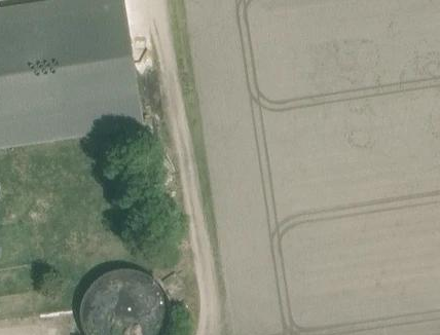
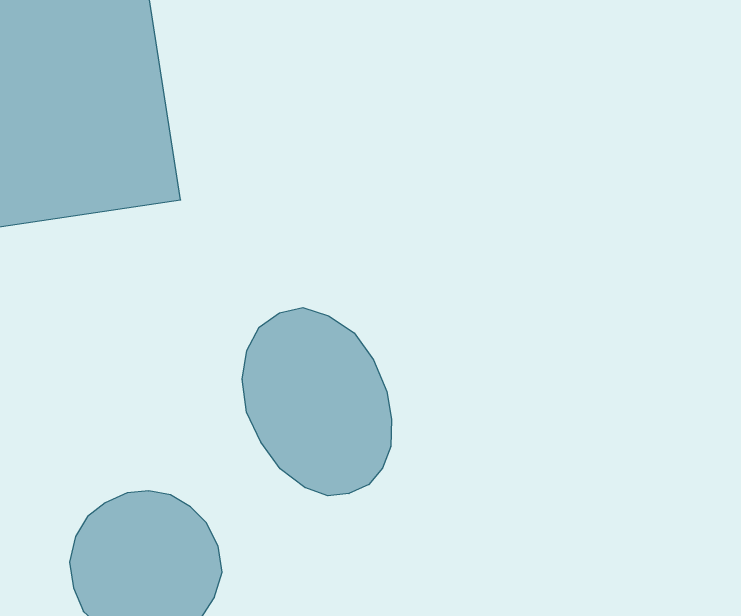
building: none -> [242,308,392,496]

